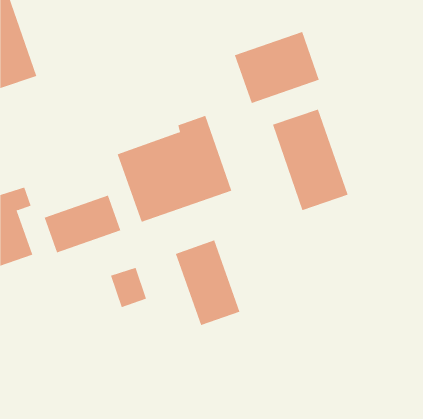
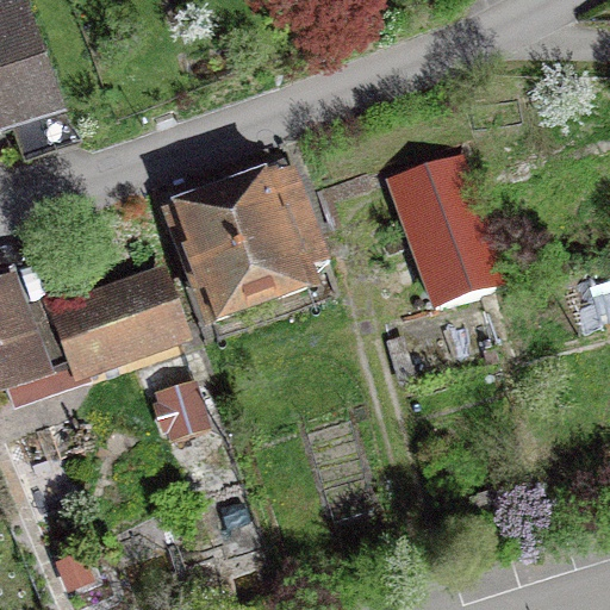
building: [234,31,320,104] -> none
building: [175,240,240,326] -> none

